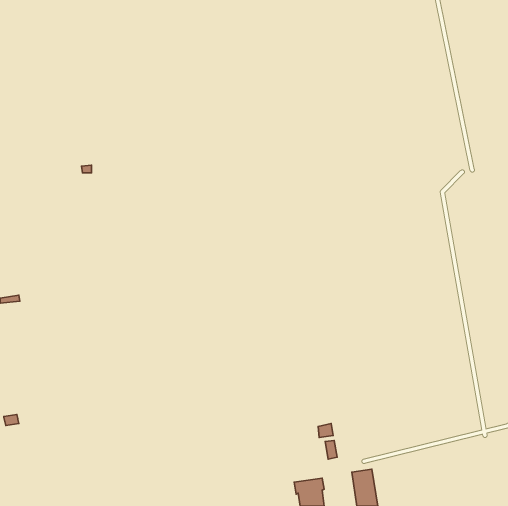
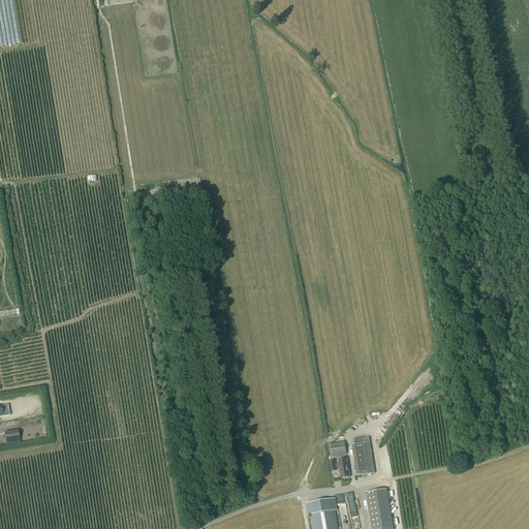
building: none -> [352,435,375,474]

